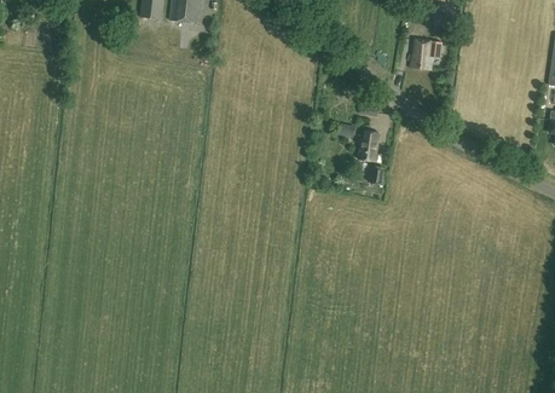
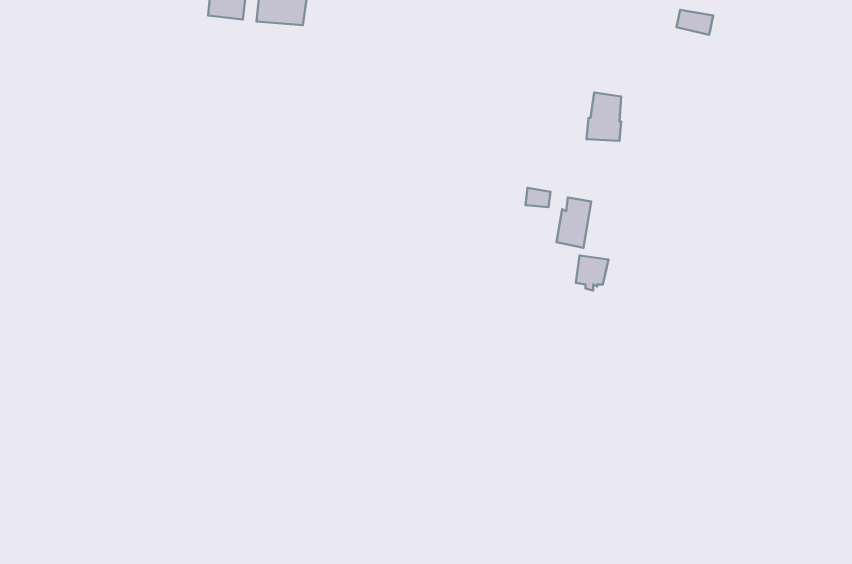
building: [410,37,432,68] -> [586,93,621,141]

